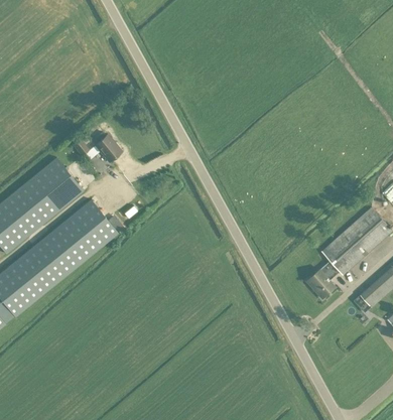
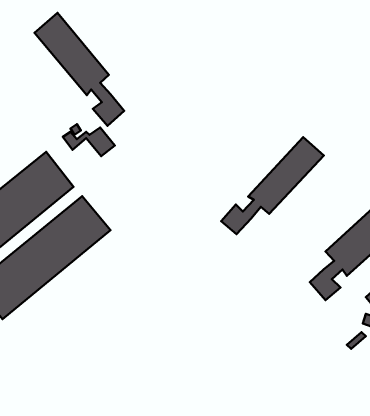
building: none -> [34,13,124,126]
building: none -> [221,137,324,234]

